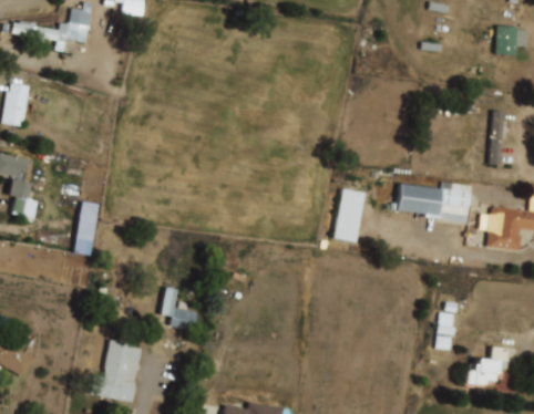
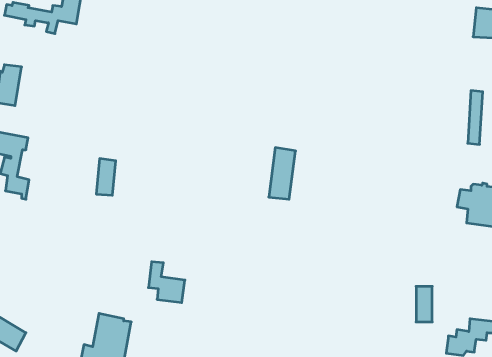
building: [397,180,471,220] -> none
building: [333,187,361,240] -> [269,148,296,199]
building: [78,198,97,236] -> [96,159,116,195]

